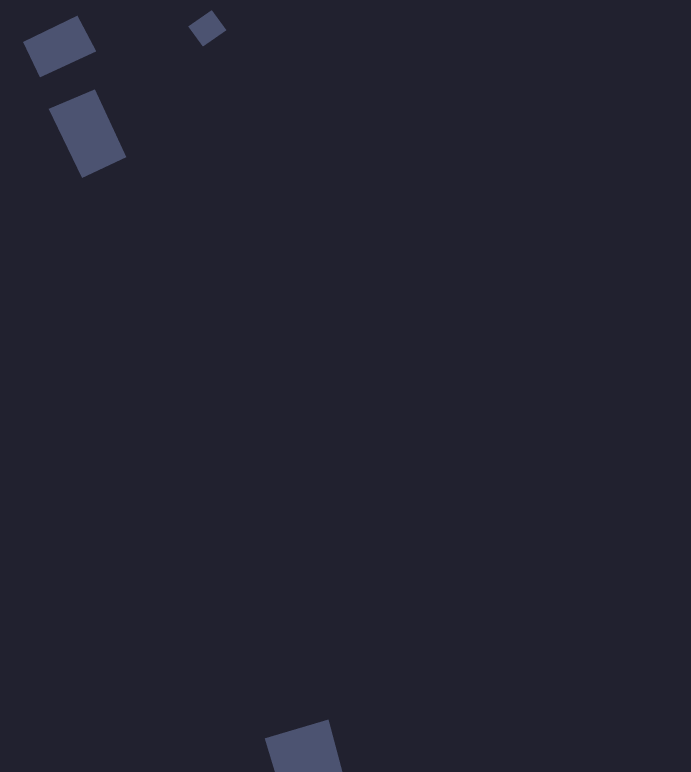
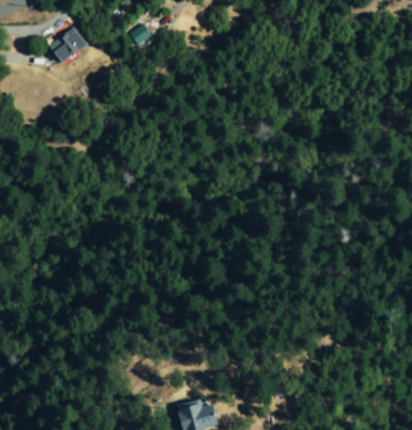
building: [48,88,127,179] -> none

